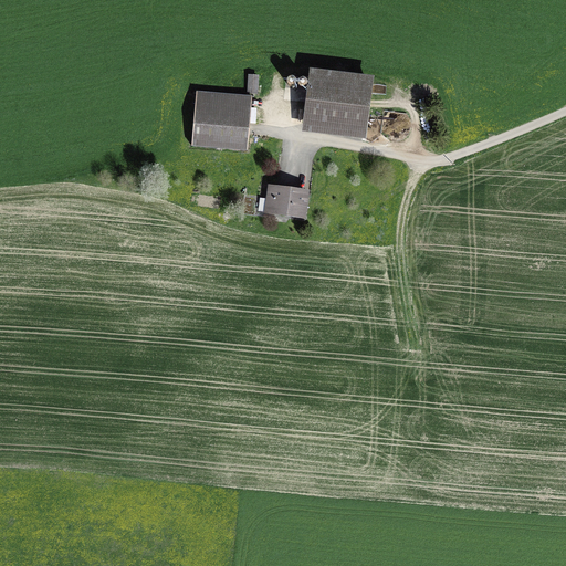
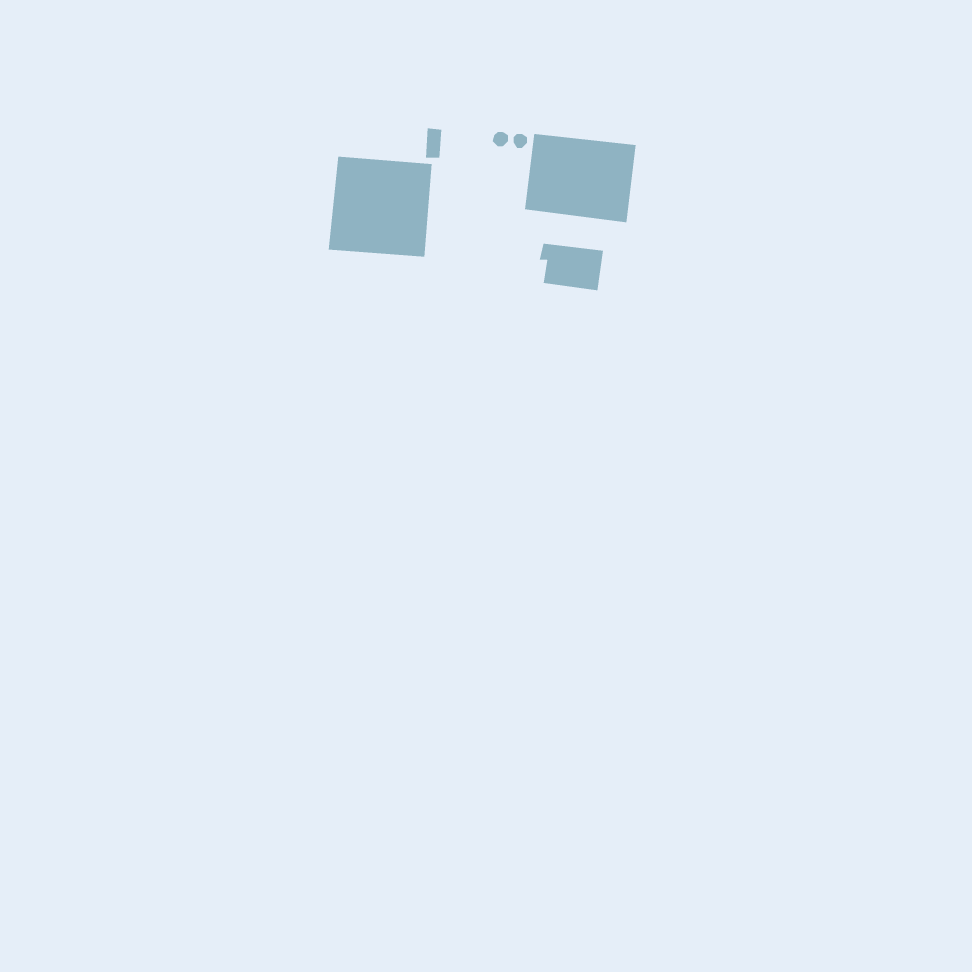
building: [268,187,305,214] -> [539,243,604,291]

